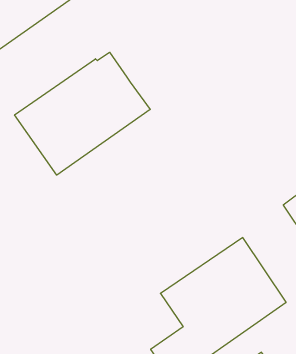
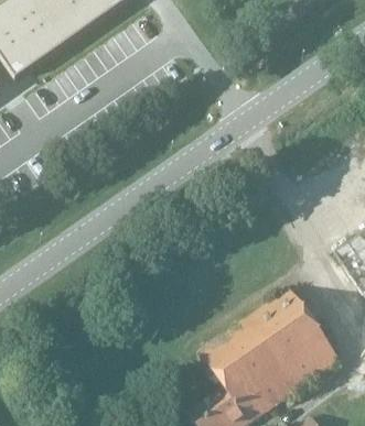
building: [15,52,150,175] -> none

